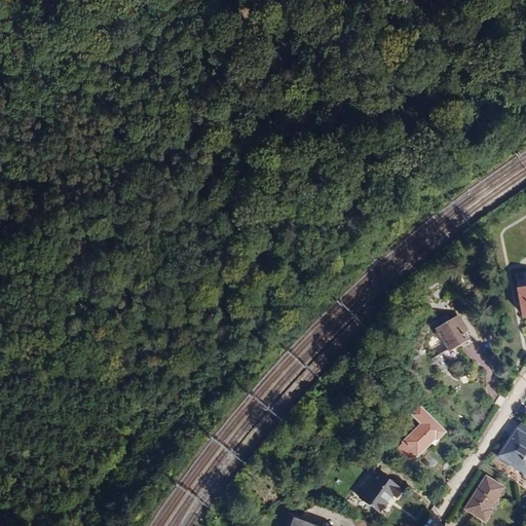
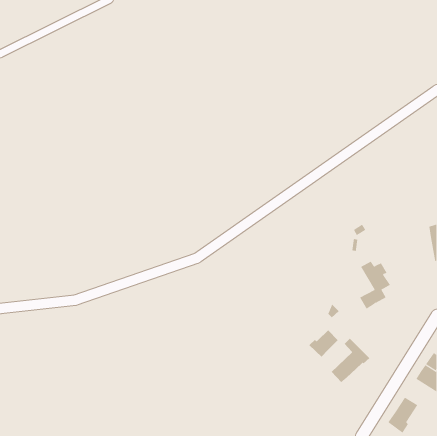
building: none -> [309,329,339,357]
building: [360,472,402,512] -> none

